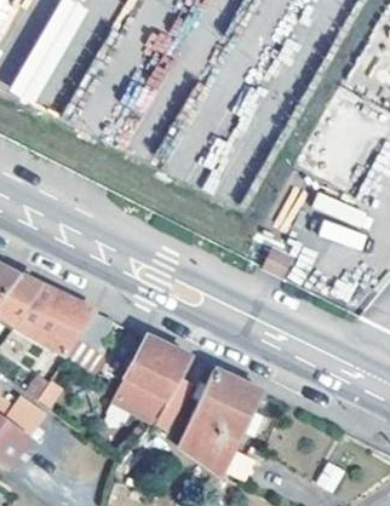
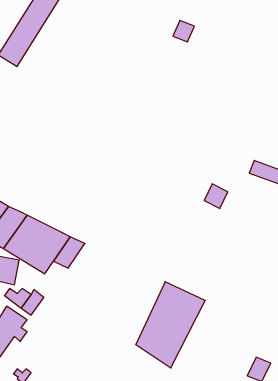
building: [109,334,193,427] -> none

